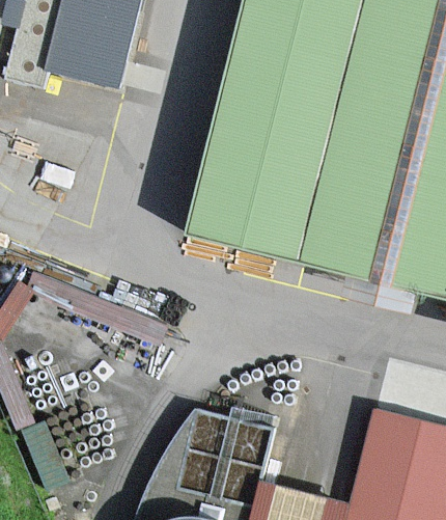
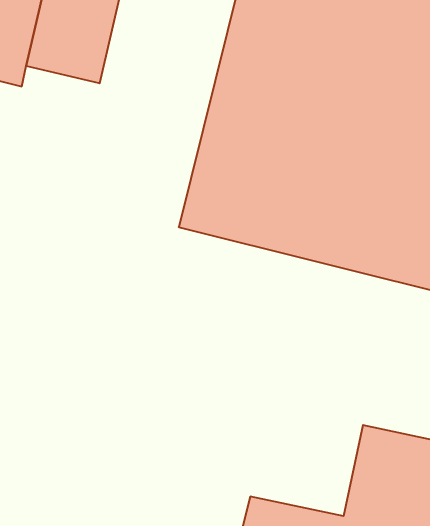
building: [167,409,249,495] -> none

